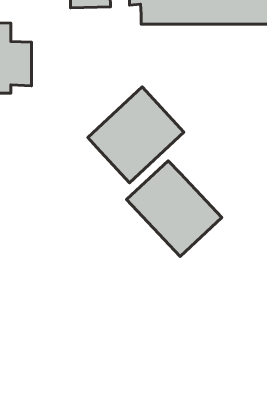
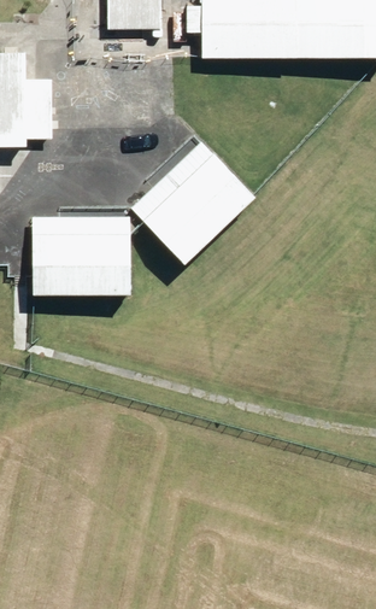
building: none -> [30,215,127,294]
building: [127,161,222,256] -> none

